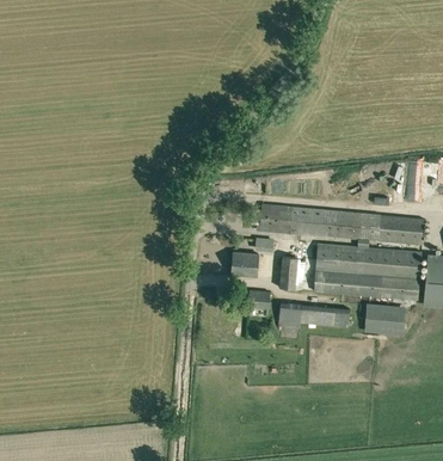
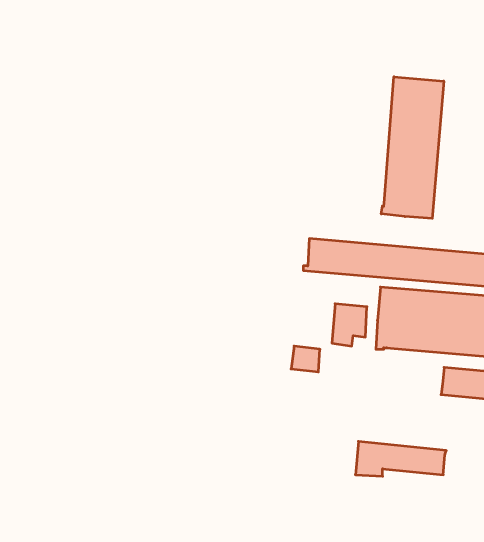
building: none -> [381,77,444,218]
building: [232,251,258,276] -> none
building: [278,301,350,328] -> [355,441,446,476]

